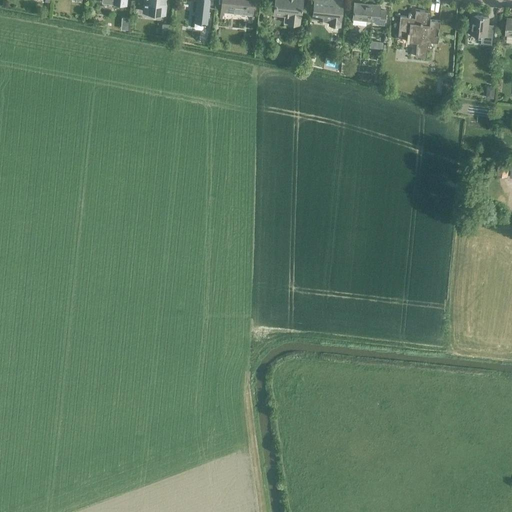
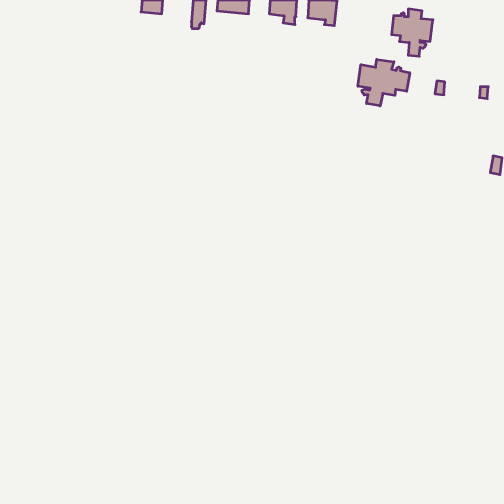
building: [352,4,385,25] -> none
building: [470,14,493,44] -> none
building: none -> [358,59,410,106]

